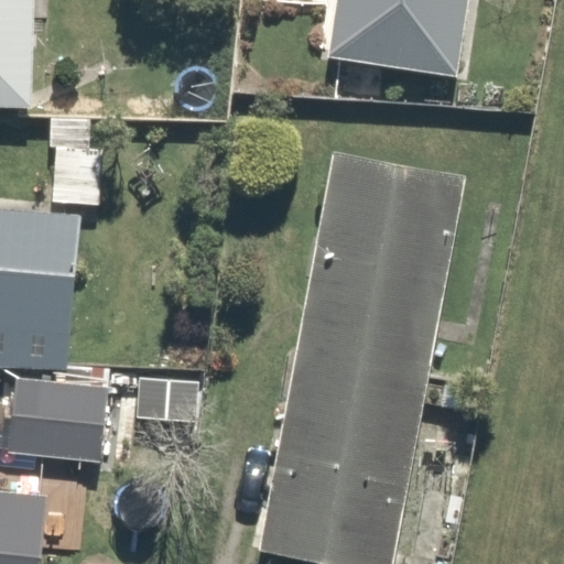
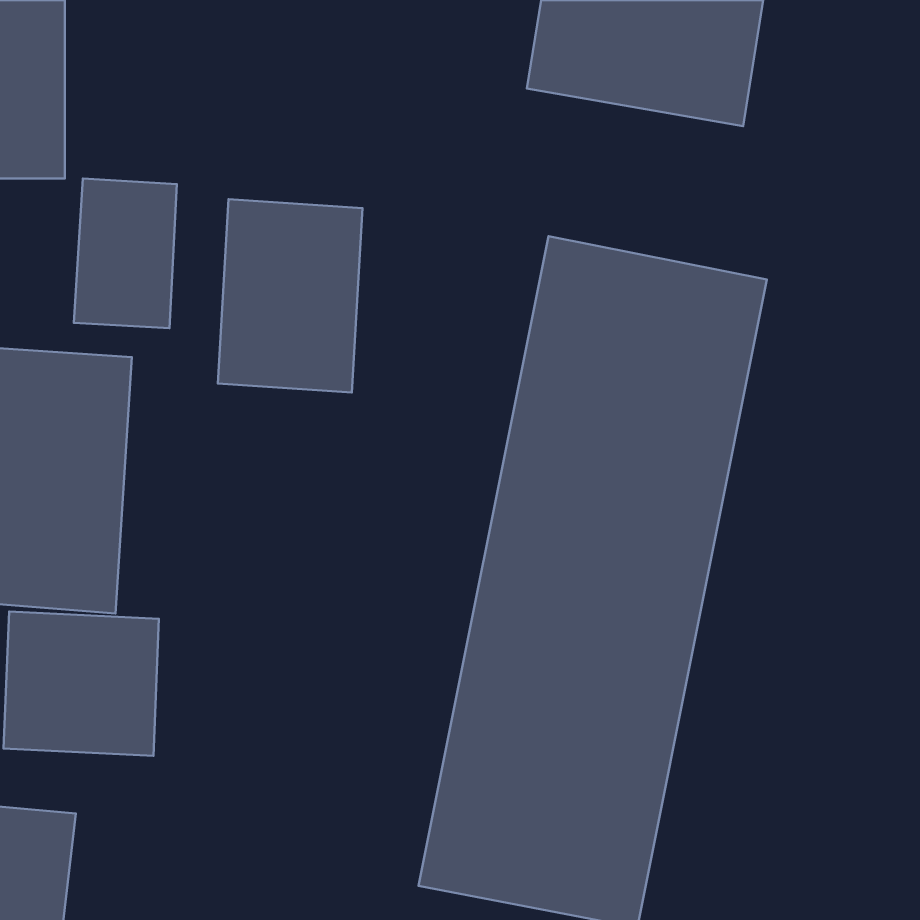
building: none -> [218,199,362,393]

